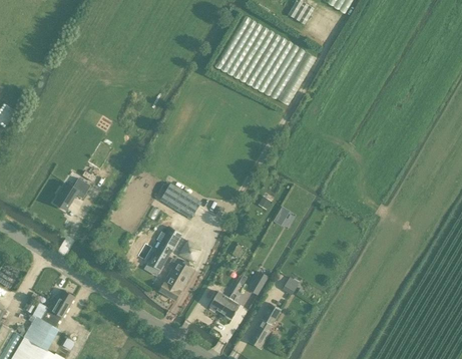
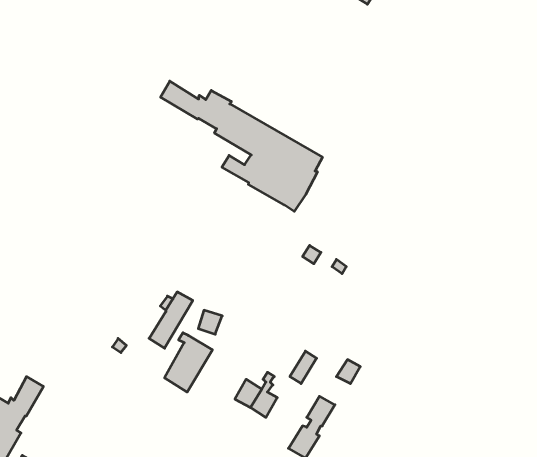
building: none -> [161,81,322,211]
building: [51,178,88,211] -> none
building: [158,184,199,220] -> none

